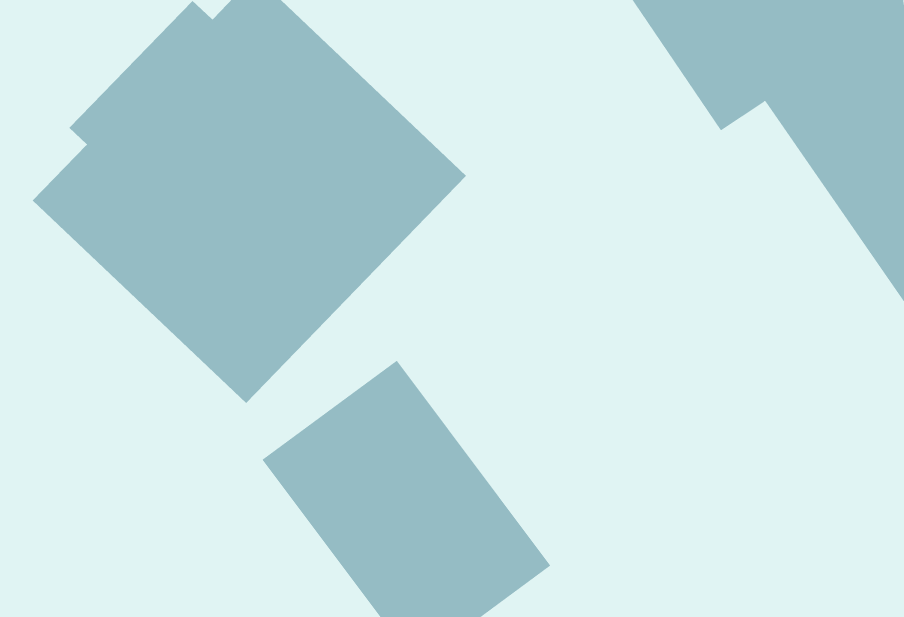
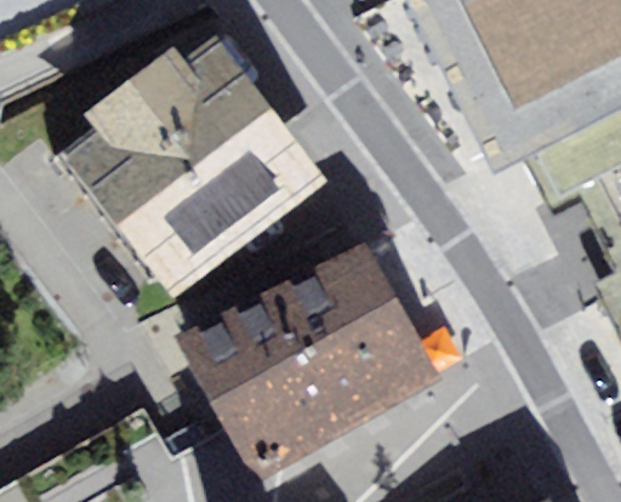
building: none -> [270,235,441,428]

